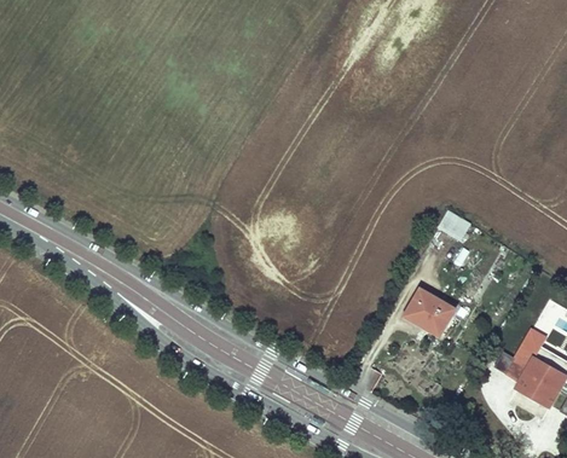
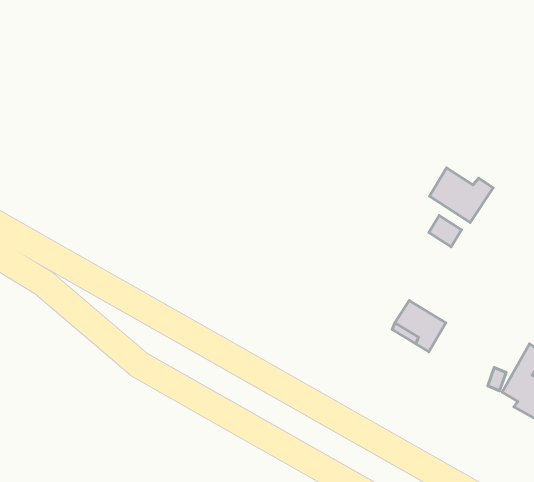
building: none -> [429,168,493,222]

